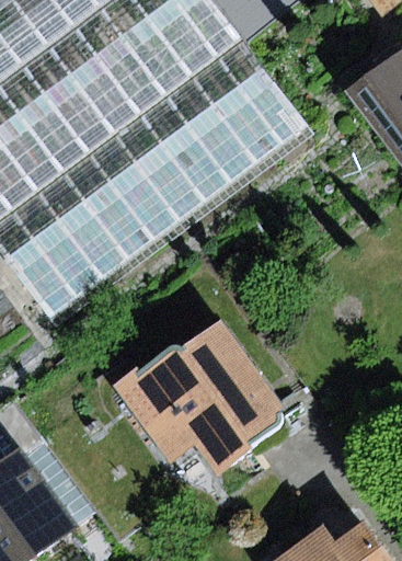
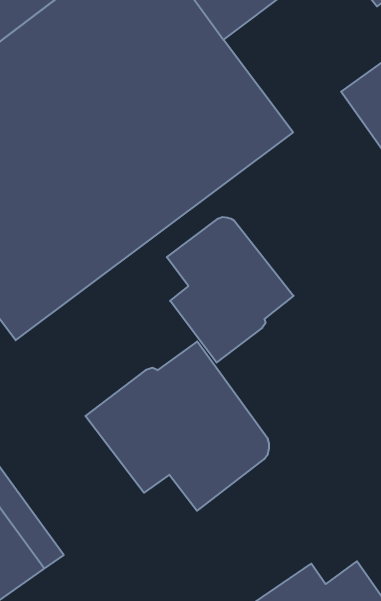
building: none -> [167,217,294,363]

